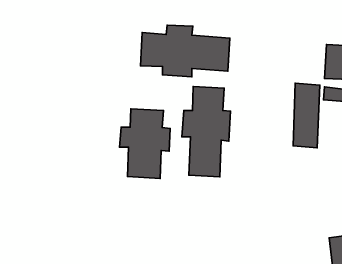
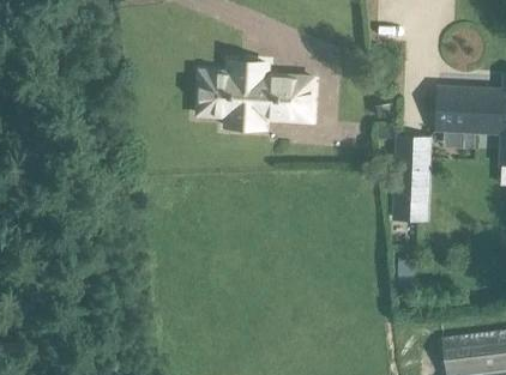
building: [182,86,230,177] -> none
building: [119,109,170,178] -> none

